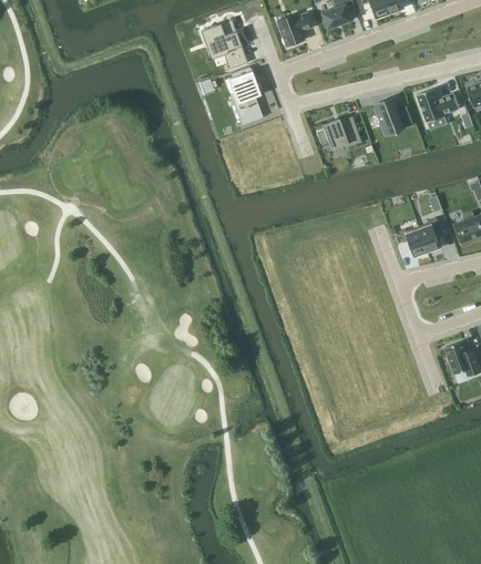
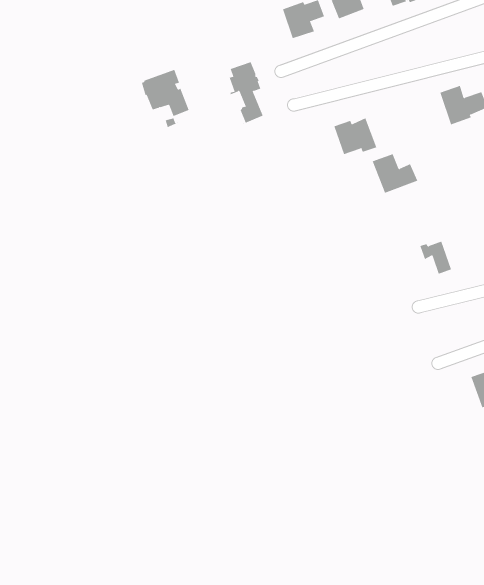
building: [202,19,245,71] -> [141,69,190,128]
building: [373,99,415,134] -> [372,154,418,193]
building: [419,217,441,252] -> none

